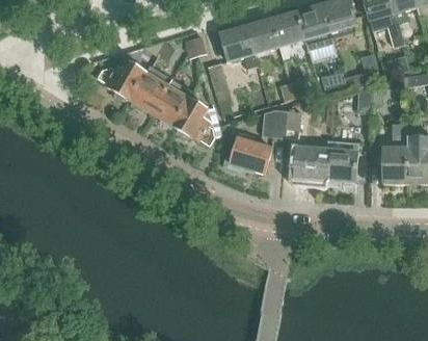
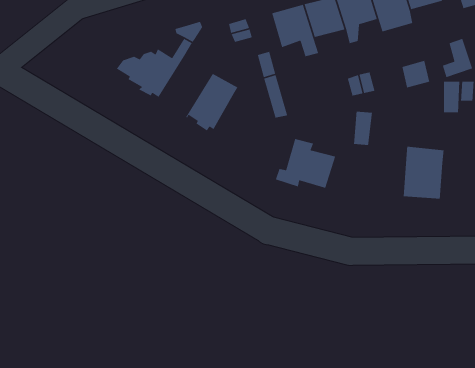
building: [131,68,173,116] -> none
building: [175,98,221,146] -> none
building: [265,110,288,138] -> none
building: [294,148,327,180] -> none

